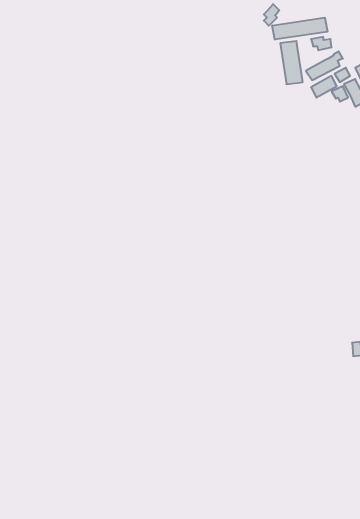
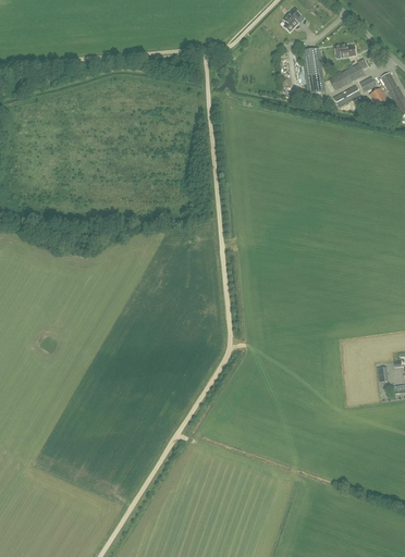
building: [272,18,328,40] -> none

